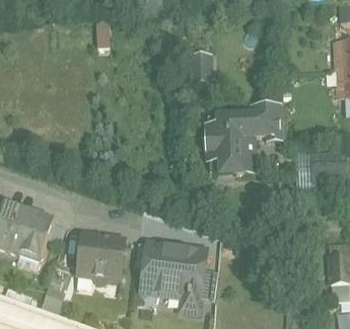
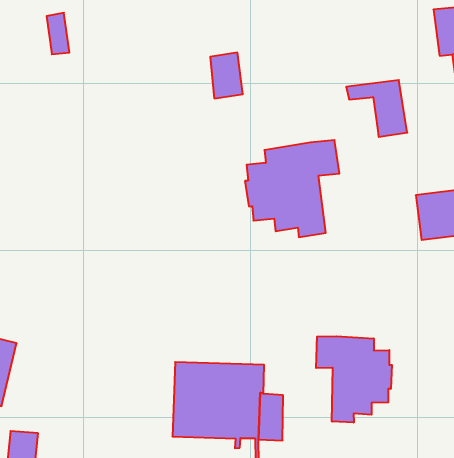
building: [248,104,283,139] -> [346,80,407,137]
building: [77,235,124,281] -> none
building: none -> [316,336,392,423]

